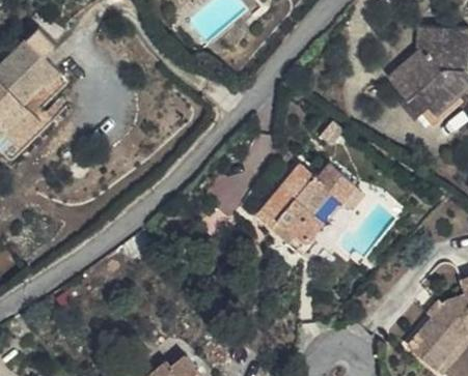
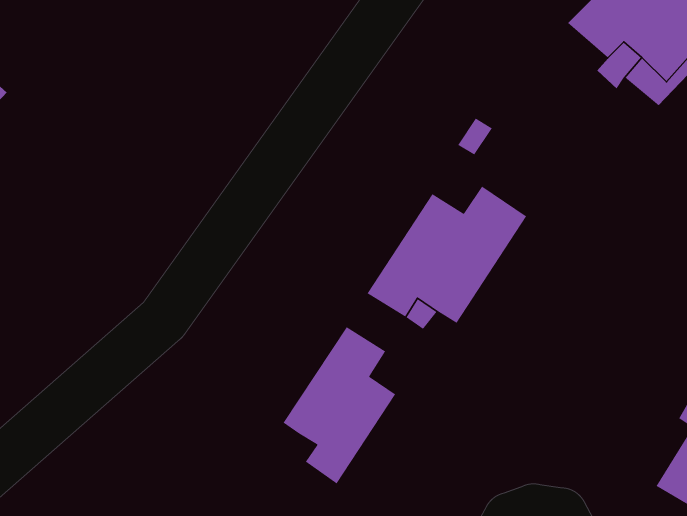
building: none -> [283,326,396,484]

